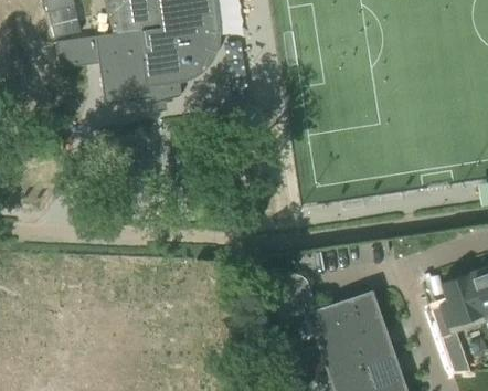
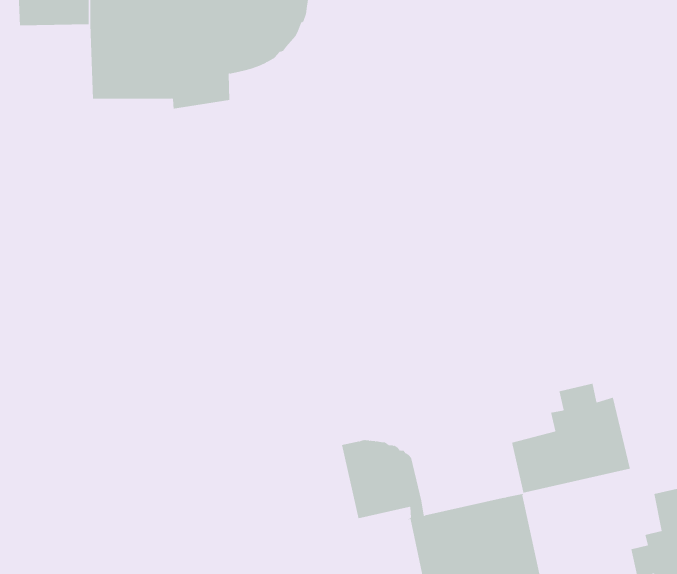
building: none -> [512,383,630,494]

